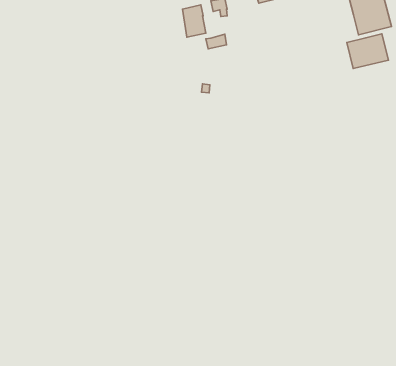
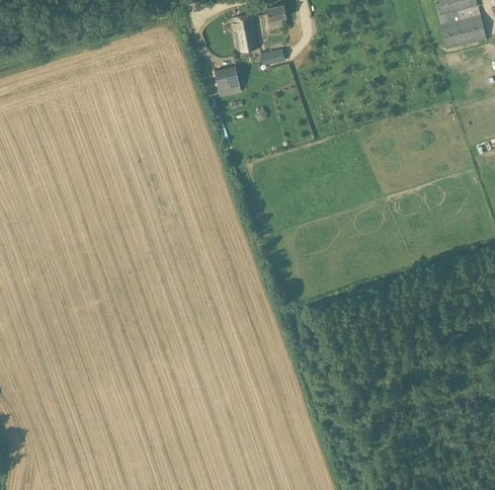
building: [347,34,389,68] -> none
building: none -> [214,67,240,96]

